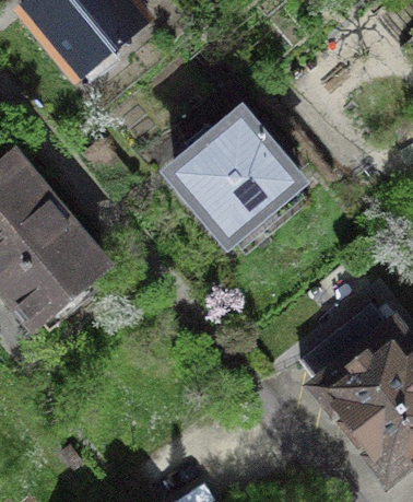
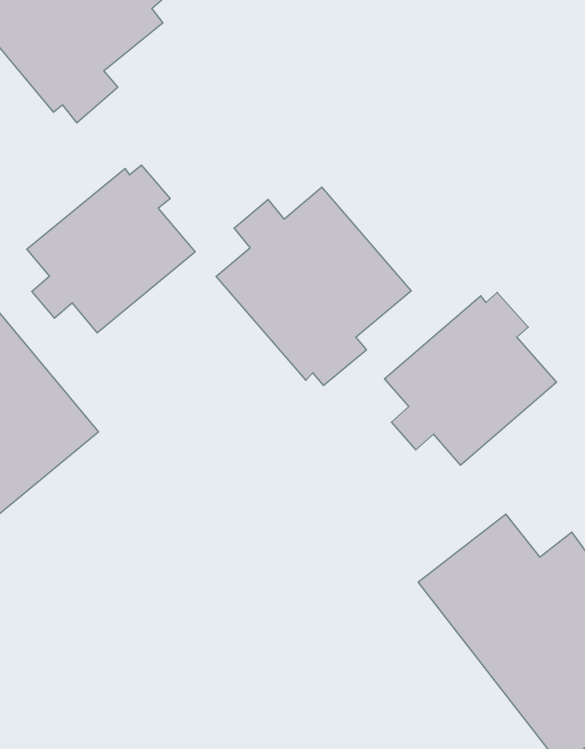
building: none -> [27,165,195,333]
building: none -> [384,292,557,465]

